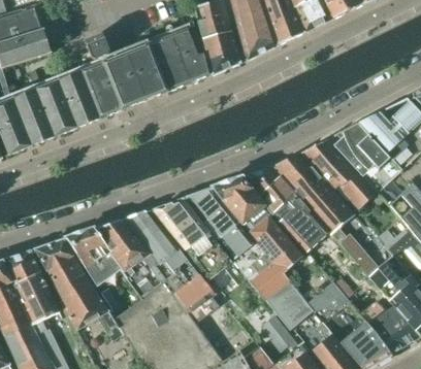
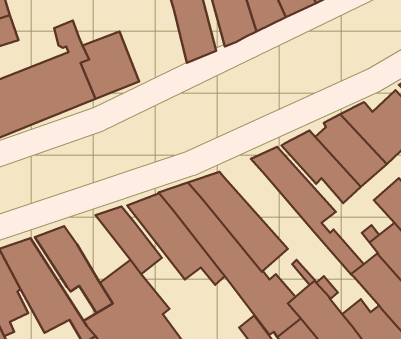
building: [147,23,211,91] -> none
building: [241,164,330,249] -> none
building: [94,217,157,281] -> none
building: [167,258,215,306] -> none

